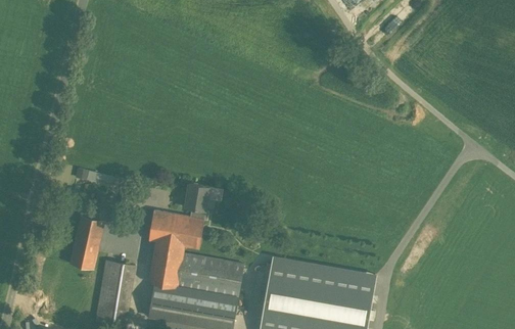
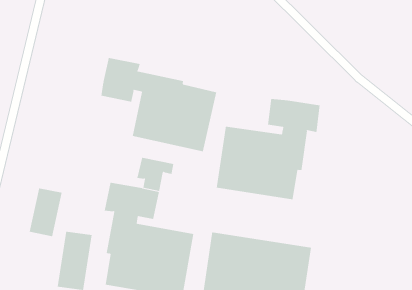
building: none -> [101,57,217,152]
building: none -> [216,98,320,200]

